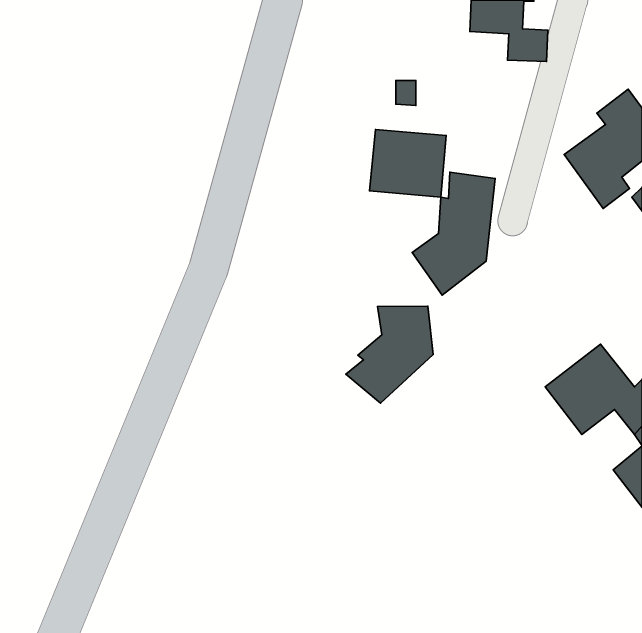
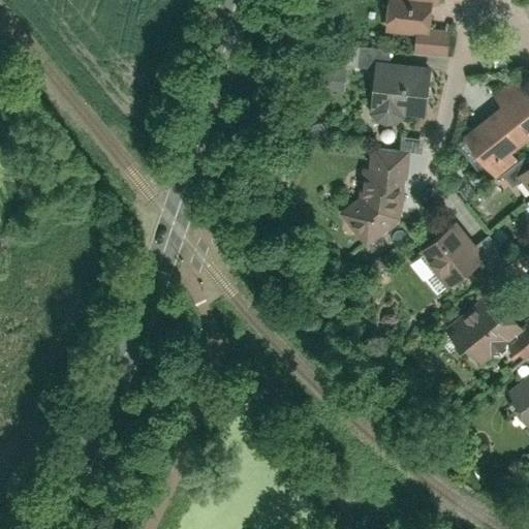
building: [369,129,446,197] -> [368,62,431,118]
building: none -> [418,222,505,289]
building: [346,306,433,403] -> none

